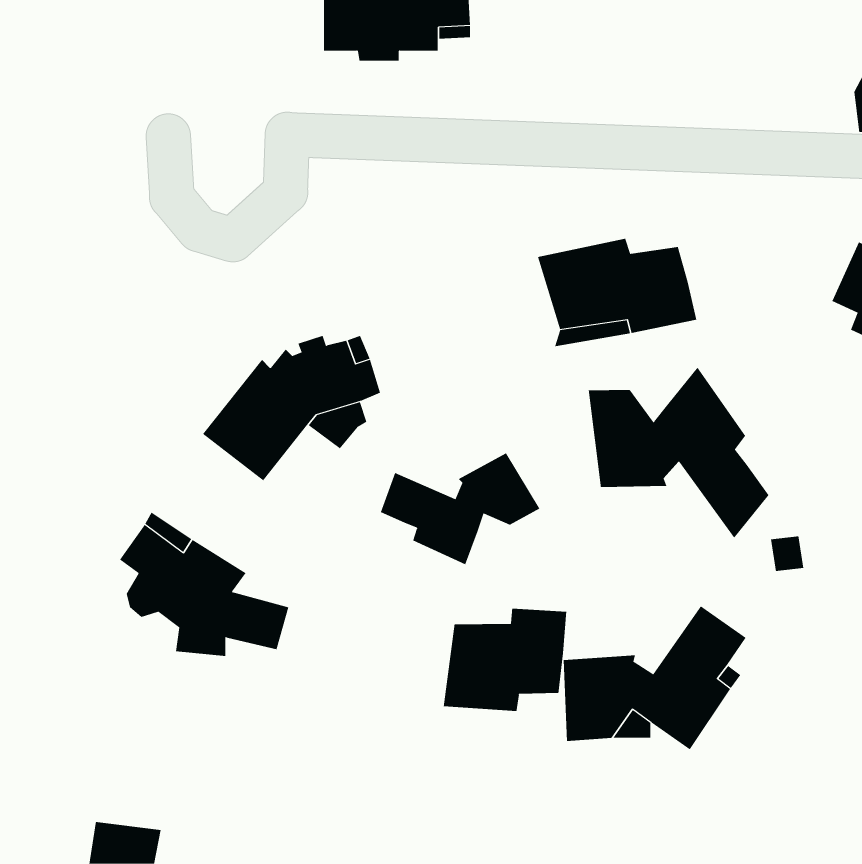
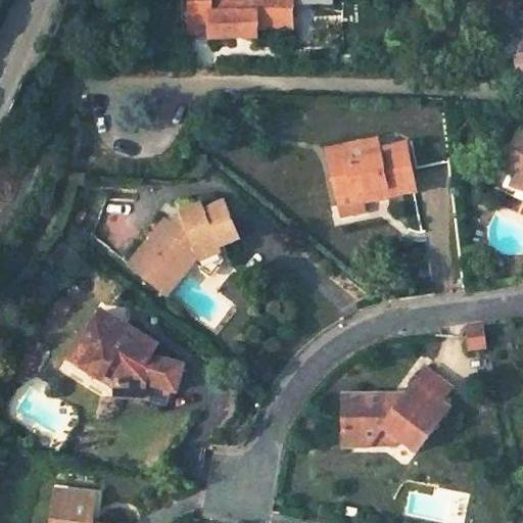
building: [588,367,769,539] -> none
building: [380,453,540,565] -> none
building: [443,608,567,712] -> none

